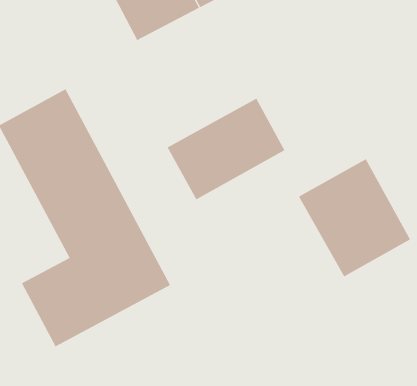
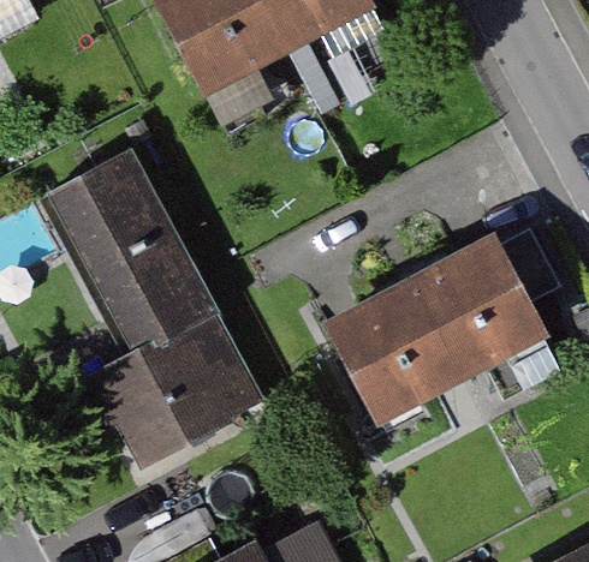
building: [167,98,285,200] -> none
building: none -> [335,285,475,431]

